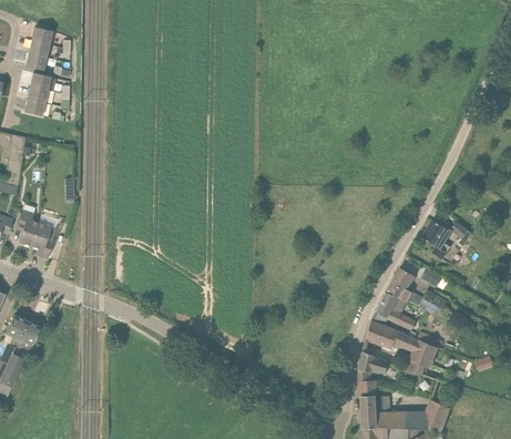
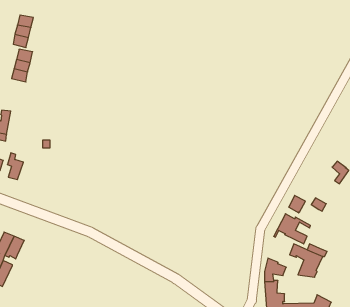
building: [421,218,452,258] -> none
building: [31,222,55,257] -> none
building: [387,282,447,316] -> none
building: [366,320,398,348] -> none

